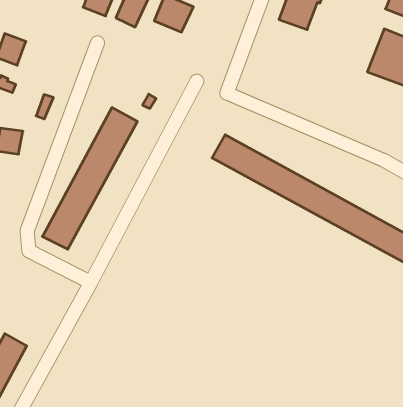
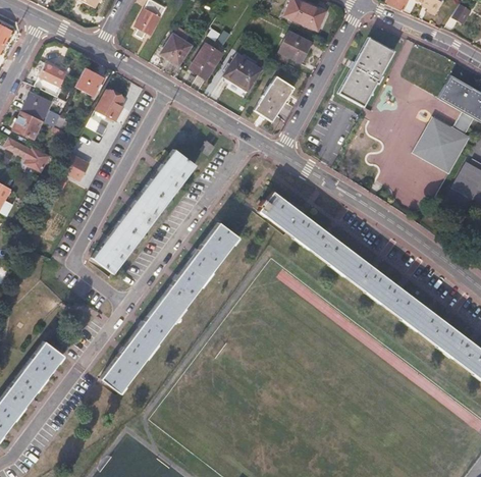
building: none -> [255,75,296,121]
building: none -> [96,90,128,121]
building: none -> [101,222,238,393]

